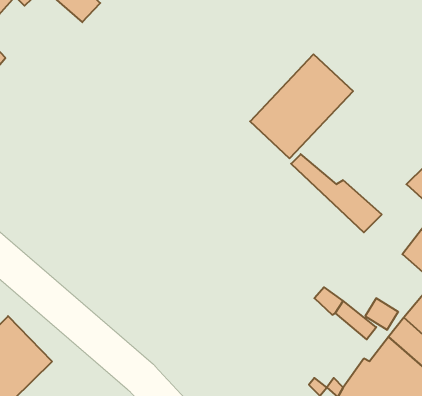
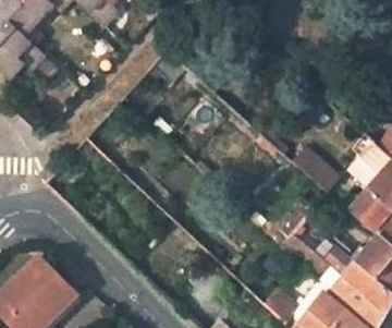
building: [250,54,353,158] -> none

